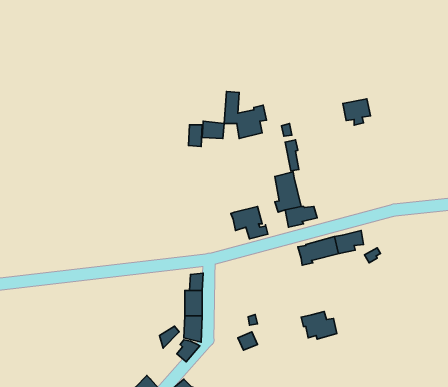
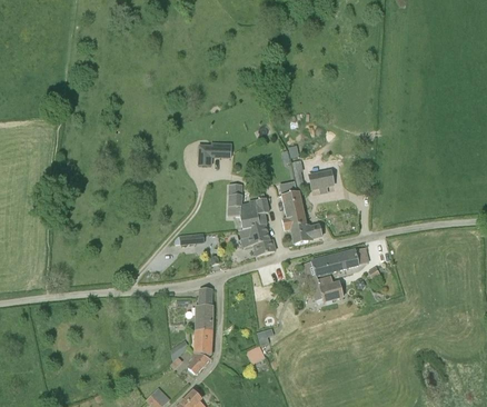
building: [224,91,267,139] -> [228,183,269,229]
building: [343,99,370,125] -> [308,168,335,193]
building: [301,311,337,339] -> [308,275,342,301]

